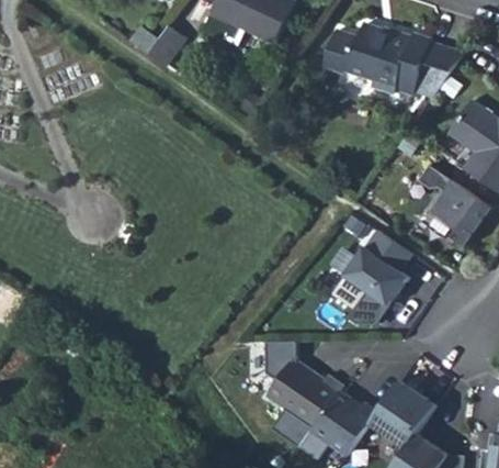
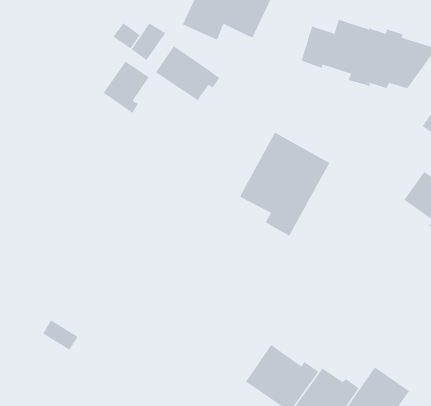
building: none -> [155,46,220,101]
building: none -> [103,61,149,114]
building: [327,221,420,328] -> [239,132,330,236]

